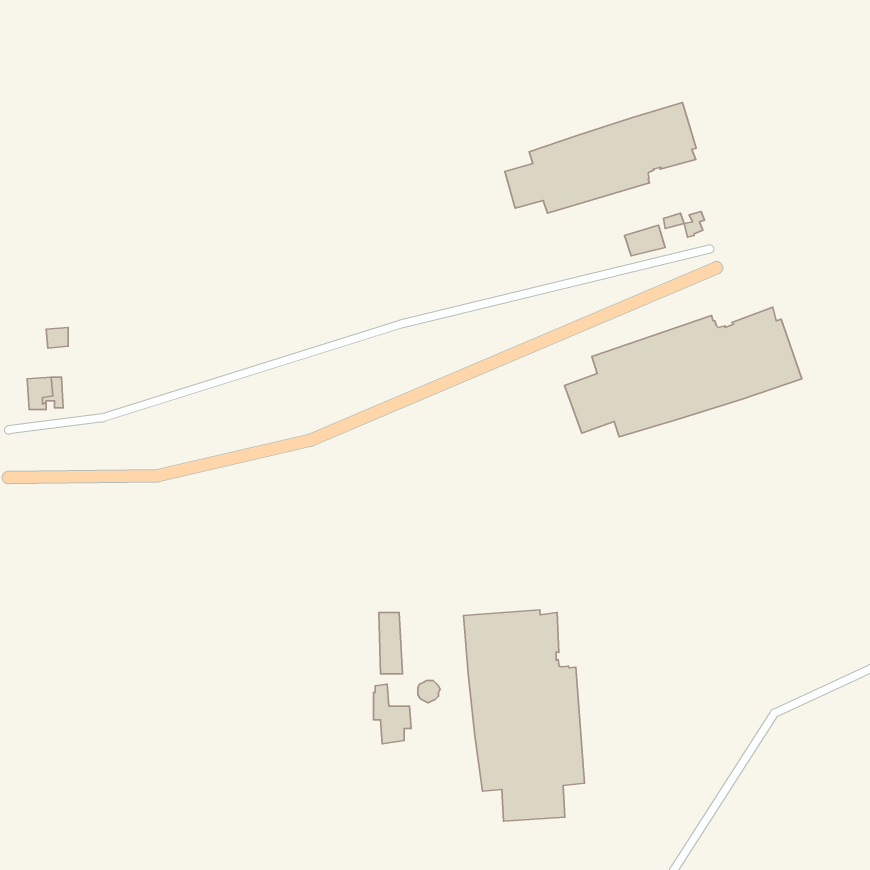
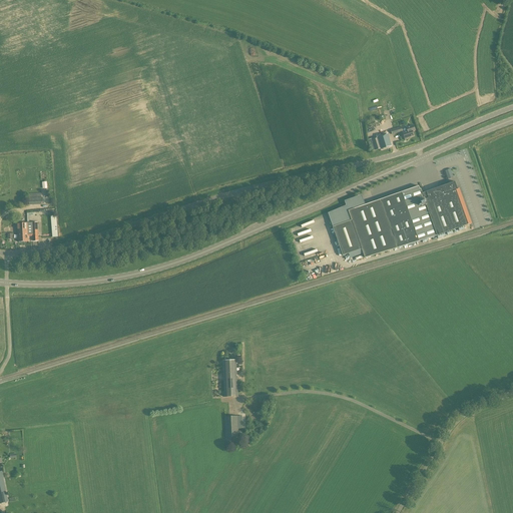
building: [505,102,696,213] -> none
building: [464,610,585,821] -> none

